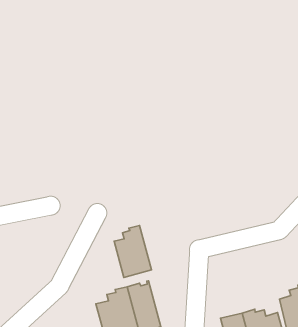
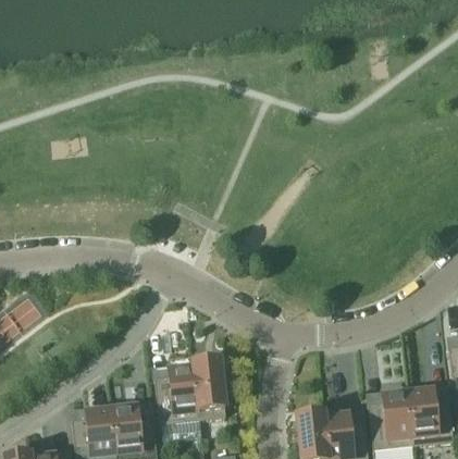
building: [114,226,151,277] -> none

